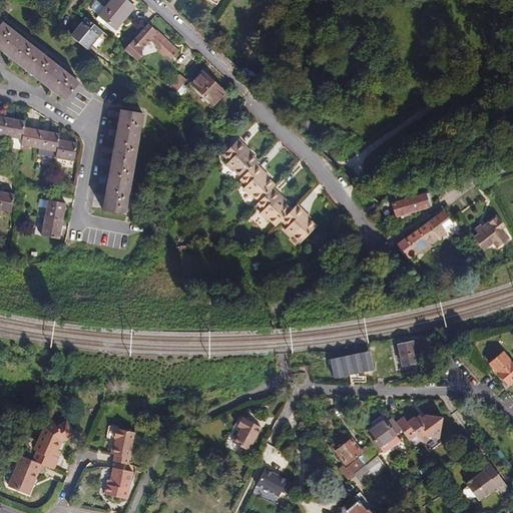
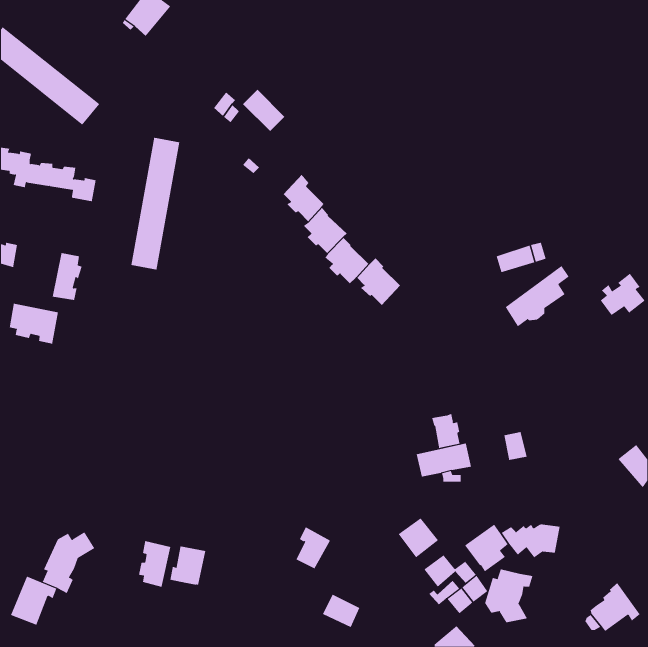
building: [71,16,101,48] -> none
building: [124,22,179,60] -> none
building: none -> [9,303,59,344]
building: none -> [431,413,460,449]
building: none -> [398,517,439,558]
building: none -> [484,569,533,623]
building: [104,467,133,498] -> [170,546,206,585]

